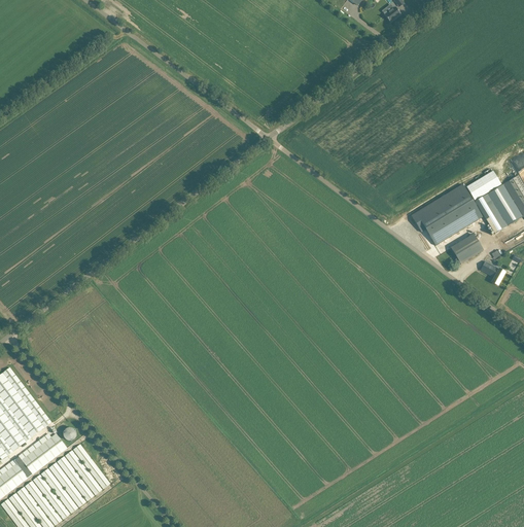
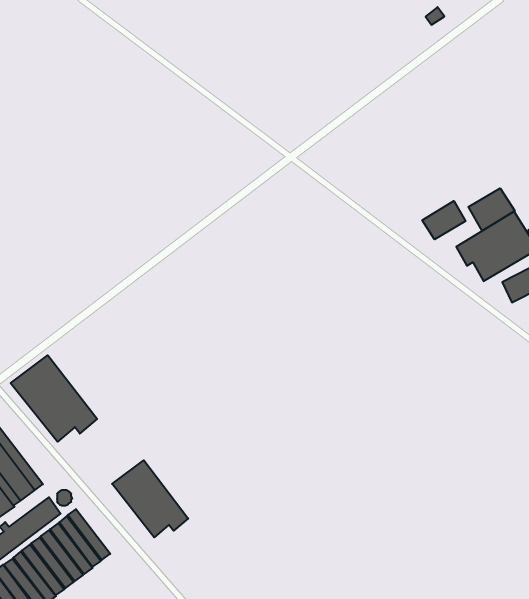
building: none -> [468,188,515,231]
building: none -> [422,201,465,239]
building: none -> [11,355,97,442]
building: none -> [112,460,188,537]

